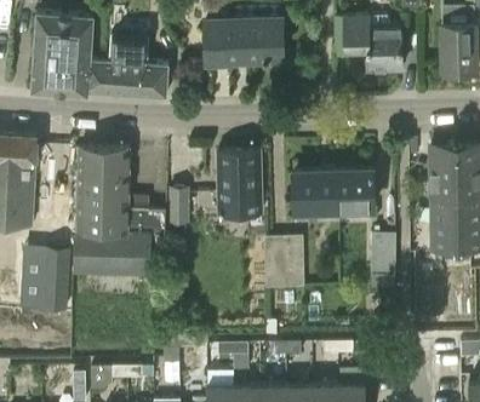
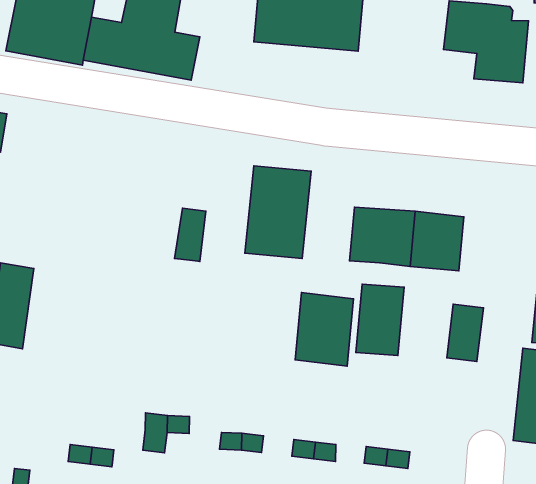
building: [73,149,154,275] -> none
building: none -> [356,284,404,356]

